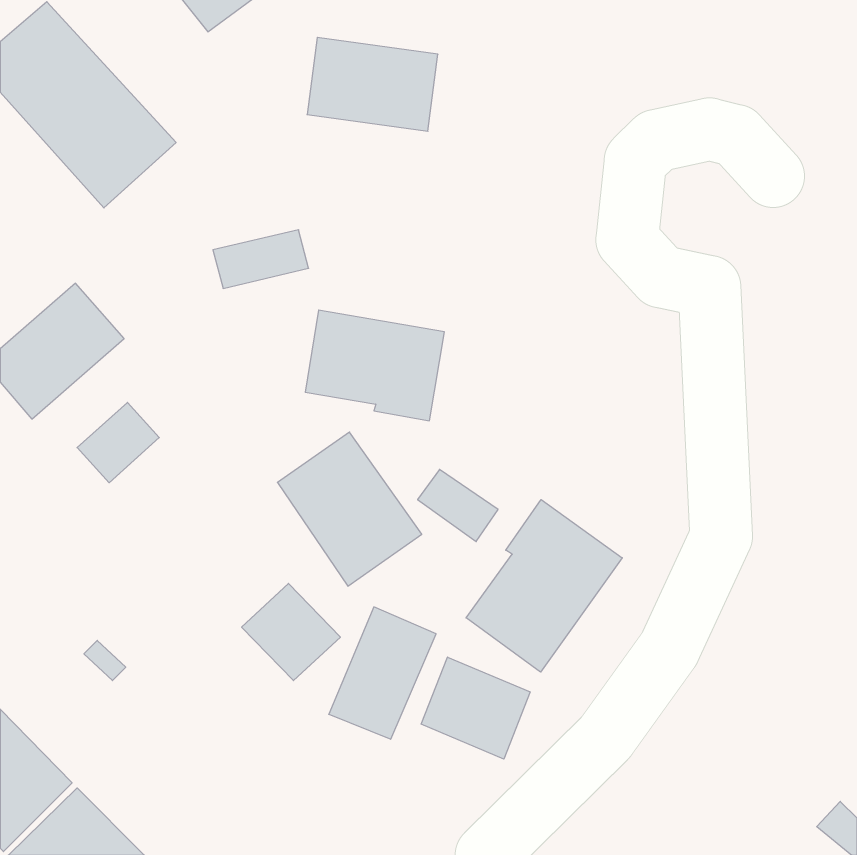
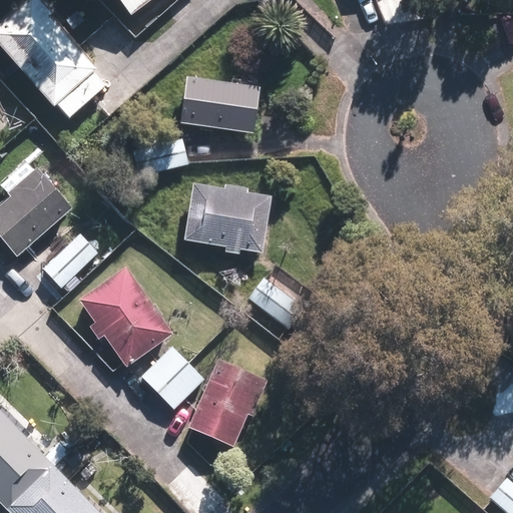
building: [307,37,438,131] -> [178,77,256,133]
building: [277,432,422,586] -> [89,270,175,362]
building: [466,500,622,672] -> none
building: [421,657,530,759] -> none

